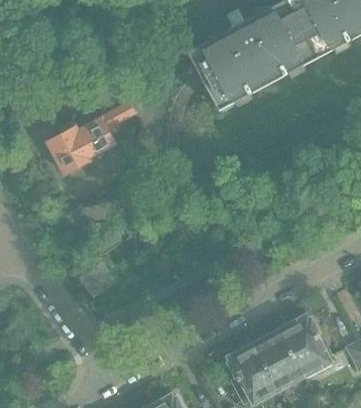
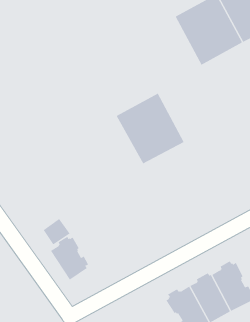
building: [188,25,269,110] -> [116,93,185,164]
building: [47,105,135,175] -> none
building: none -> [50,236,89,280]

